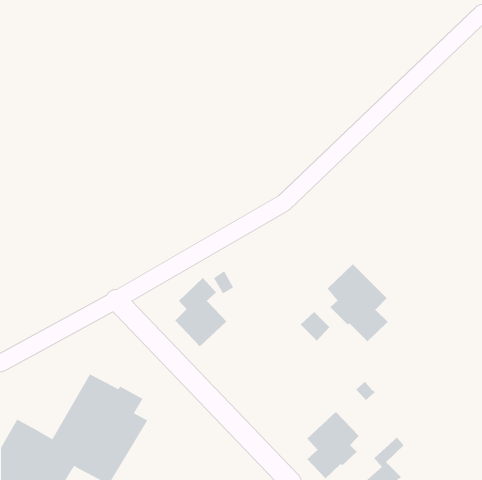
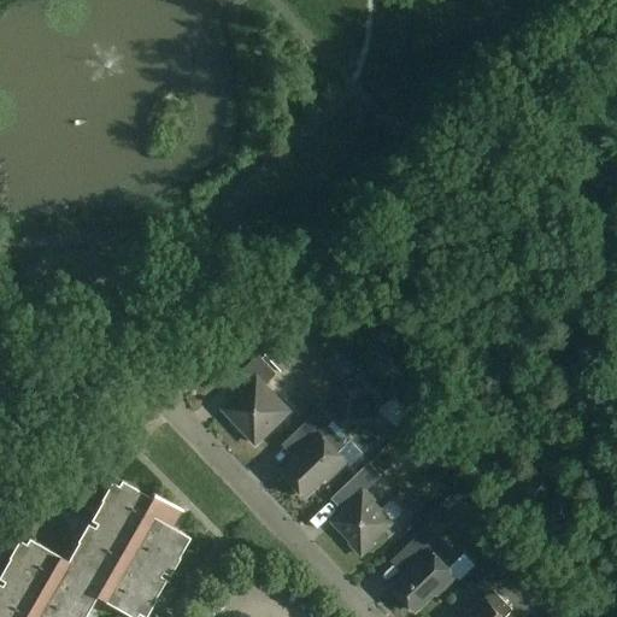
building: [327,263,388,342] -> none
building: none -> [282,411,364,499]
building: none -> [331,465,400,559]

